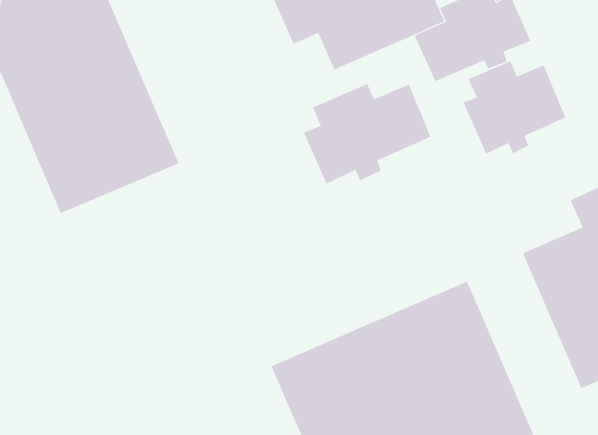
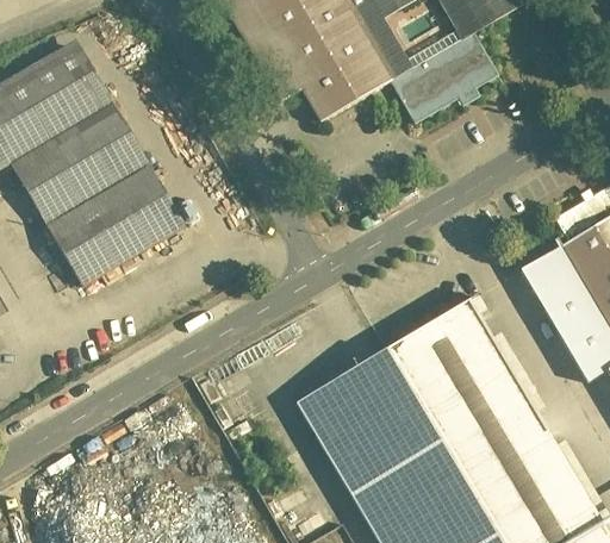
building: [463,60,566,155] -> none
building: [303,83,431,184] -> none

